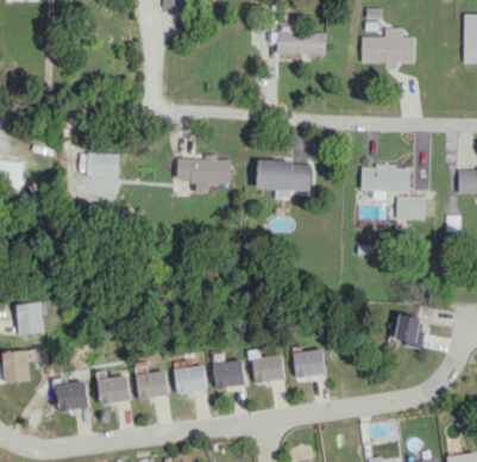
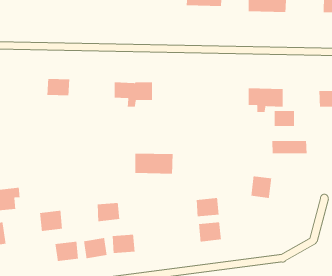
building: [257,161,310,191] -> [134,153,174,175]
building: none -> [271,140,307,154]
building: [395,314,425,346] -> [250,175,272,199]
building: [252,355,284,382] -> [196,197,219,217]
building: [213,361,245,388] -> [97,202,120,222]
building: [56,381,88,411] -> [39,210,63,232]

